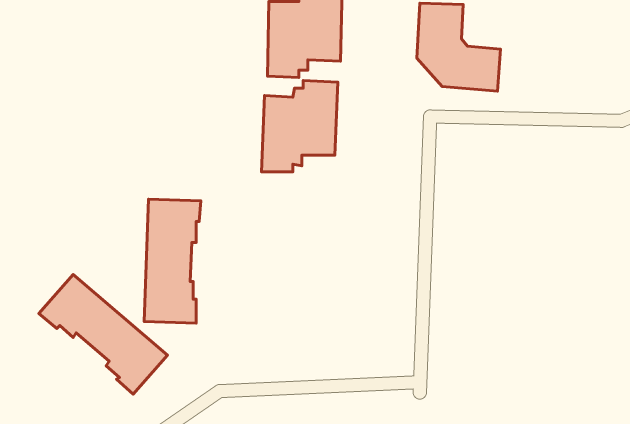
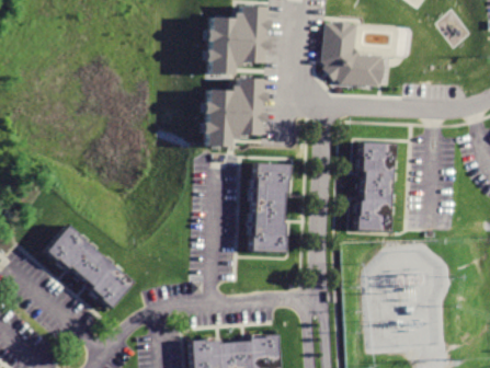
building: none -> [355,140,395,231]
building: [144,199,201,323] -> [248,161,289,252]

